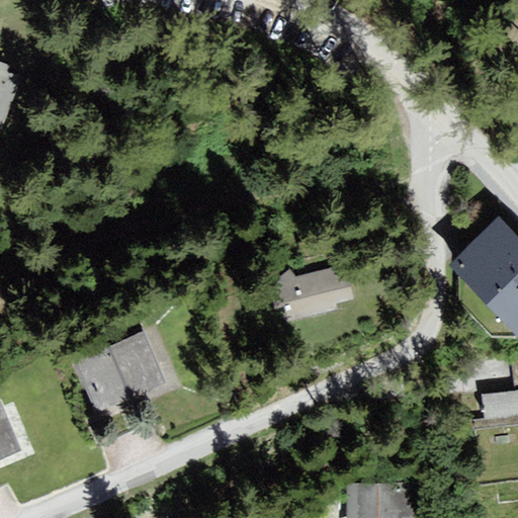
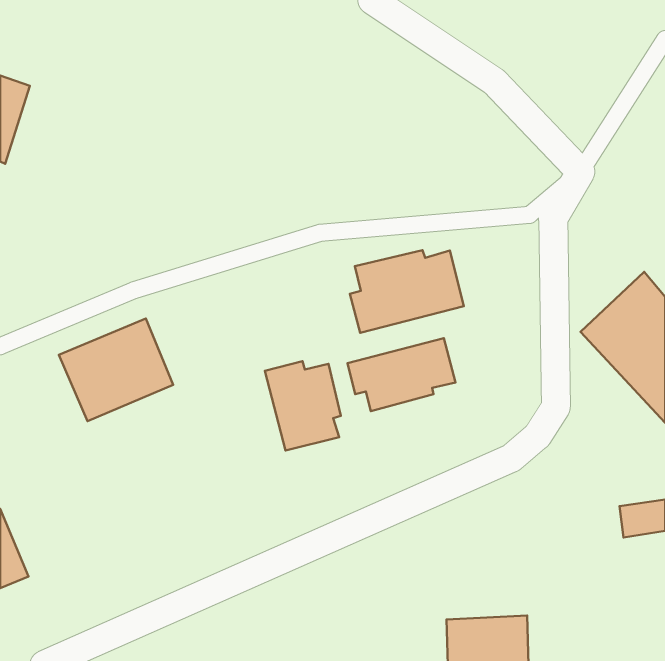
building: none -> [350,250,464,333]
building: none -> [265,361,341,451]
building: [76,332,165,412] -> [59,318,173,421]

